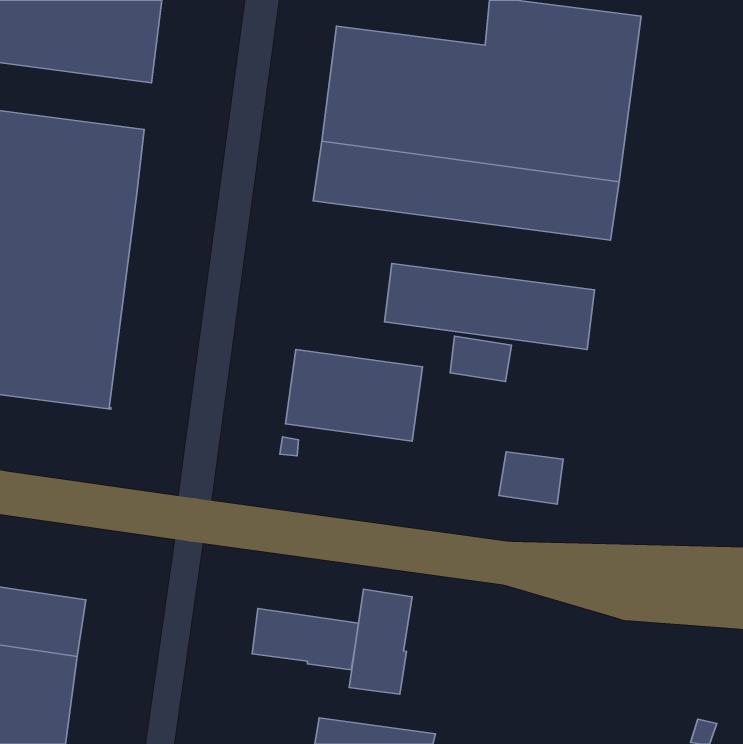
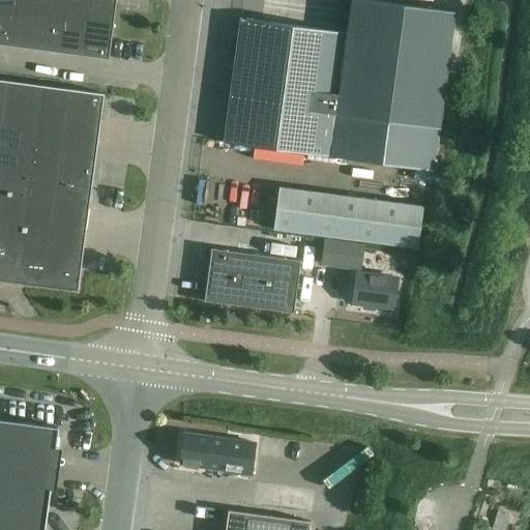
building: [499,452,563,504] -> [351,272,396,310]
building: [349,589,412,694] -> none

